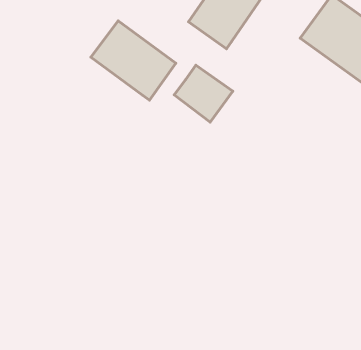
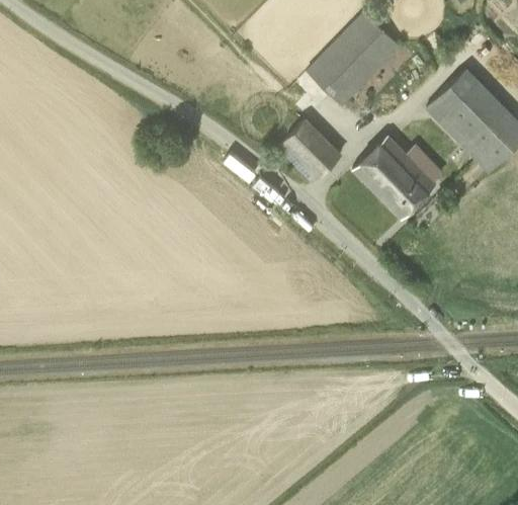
building: [91,21,176,100] -> none
building: none -> [353,136,436,219]

